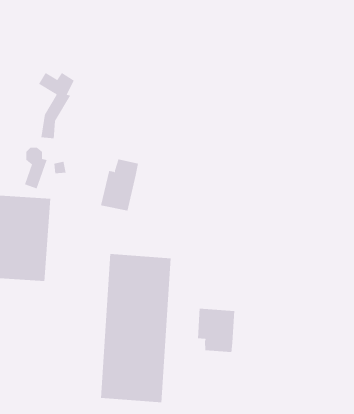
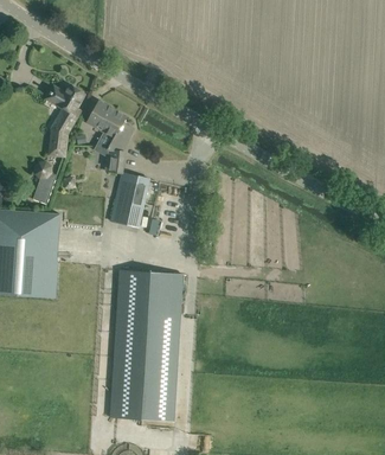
building: none -> [88,101,135,172]
building: [198,308,235,353] -> none

